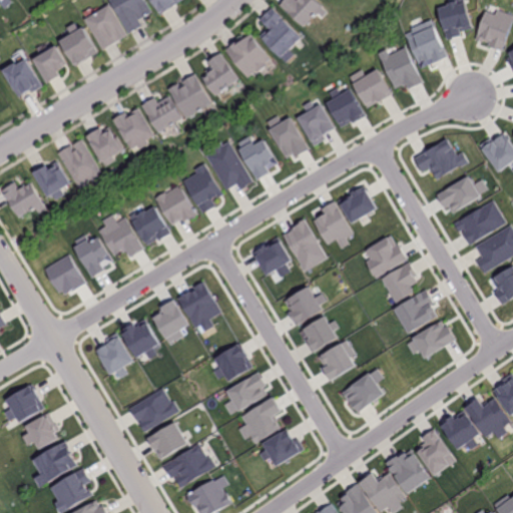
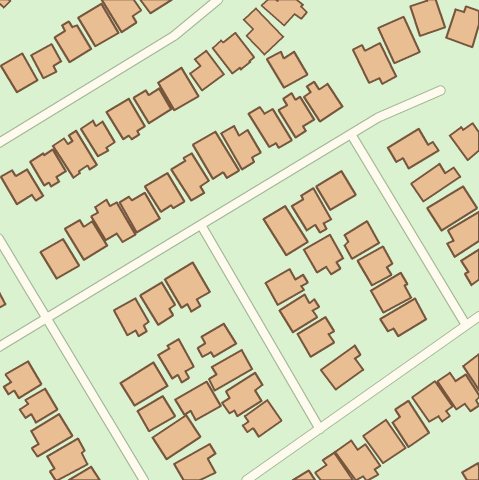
building: [347,68,390,106] -> [267,52,307,88]
building: [251,234,294,277] -> [304,235,343,274]
building: [94,332,132,378] -> [158,339,194,382]
building: none -> [175,382,221,420]

